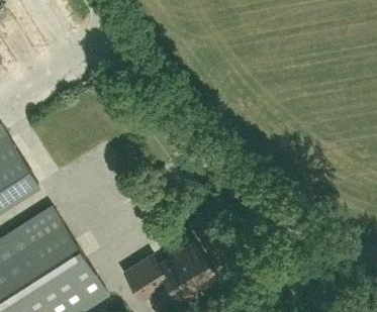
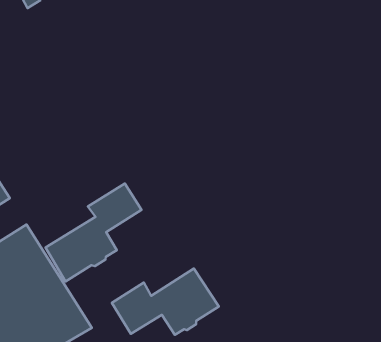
building: none -> [46,184,142,281]

